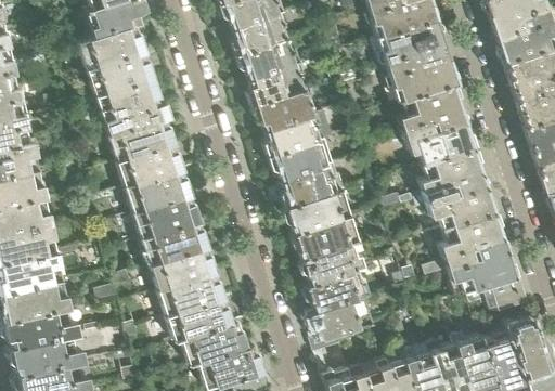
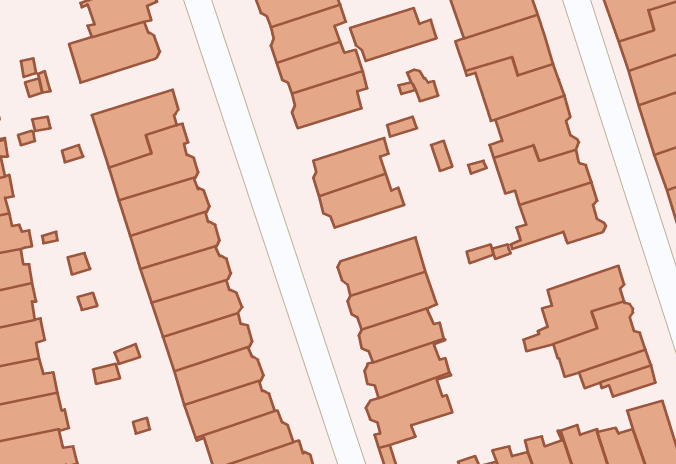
building: [88,53,158,96] -> none
building: [254,91,320,131] -> [350,8,437,61]
building: [282,165,346,208] -> none
building: [417,185,499,230] -> none

